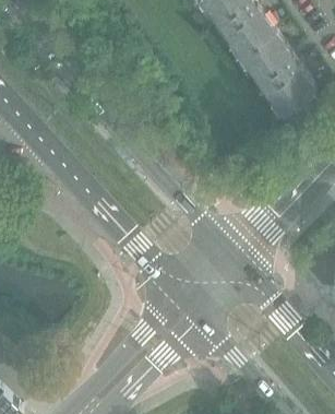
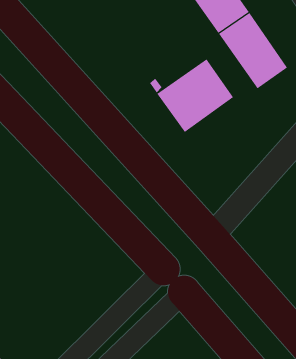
building: none -> [156,59,234,133]

